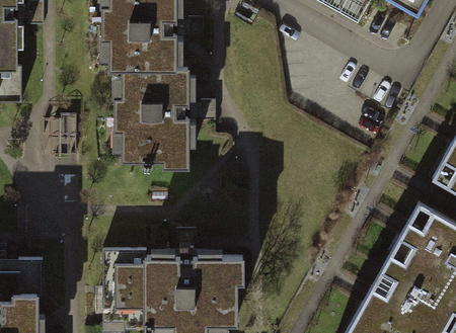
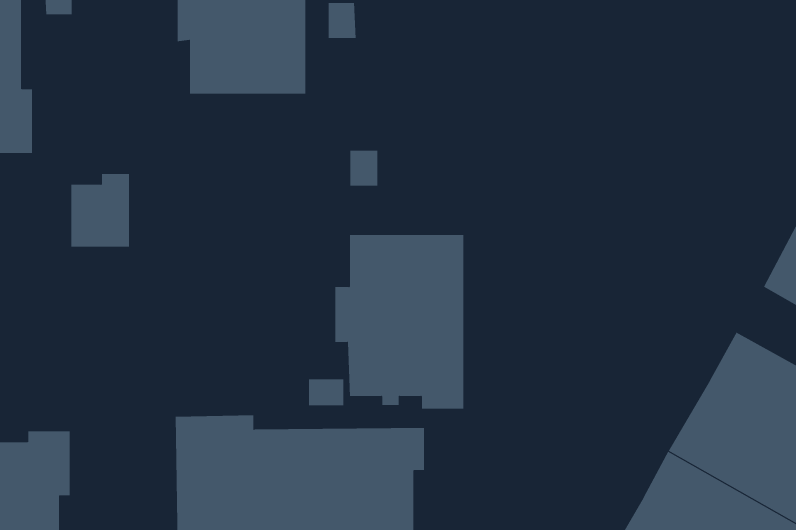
building: [116,68,188,166] -> [335,234,464,409]

